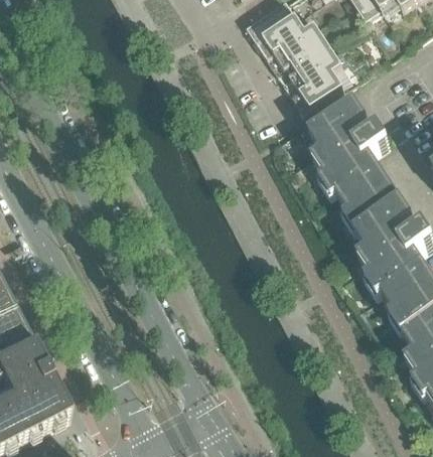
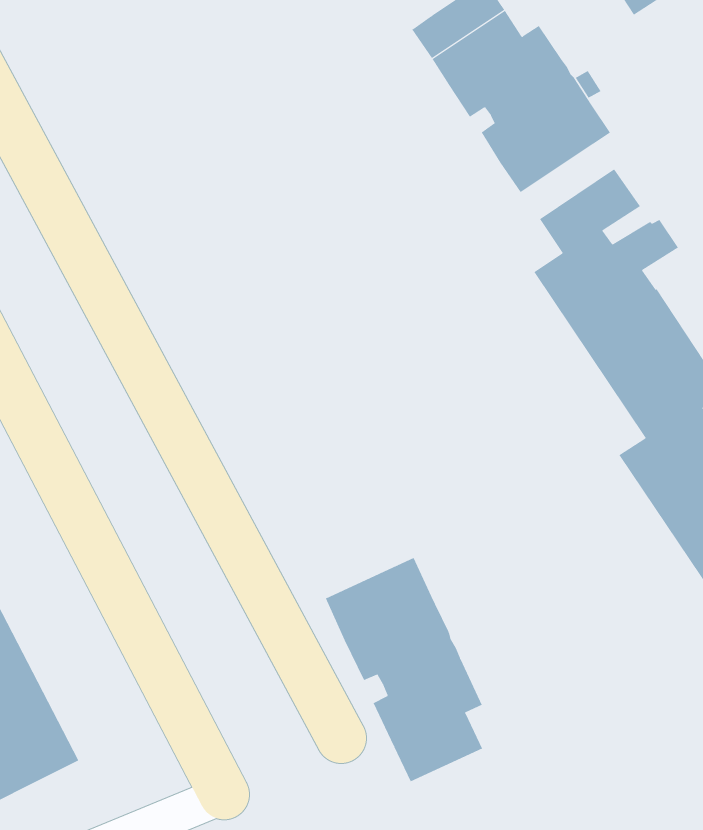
building: none -> [325,557,483,782]

